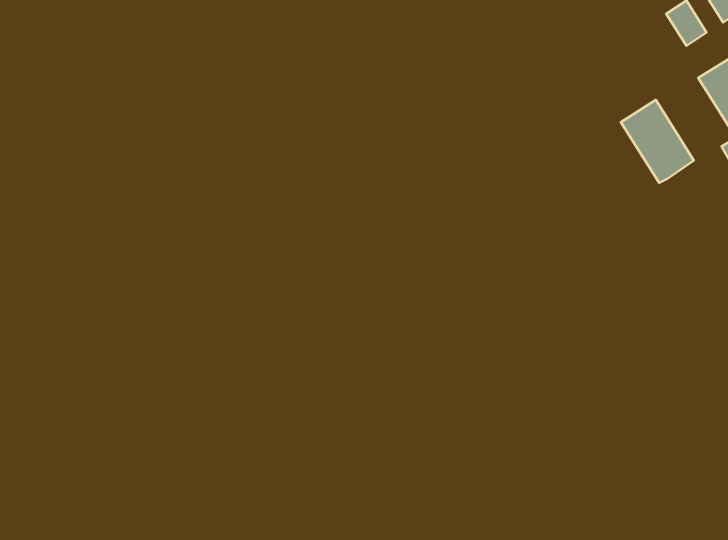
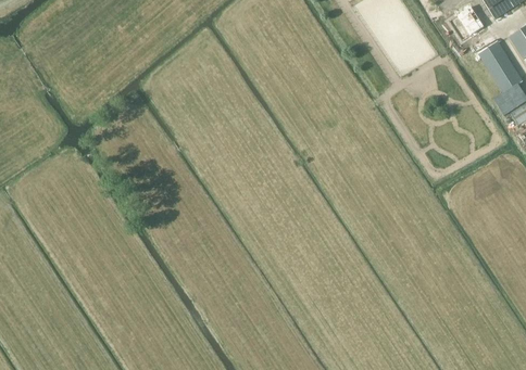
building: [621,100,694,183] -> none

